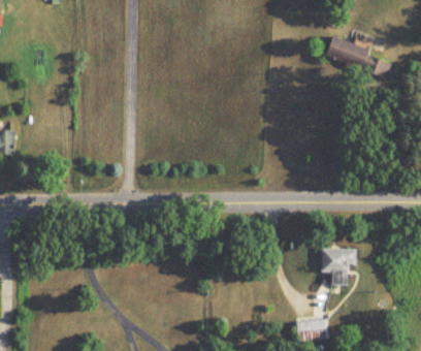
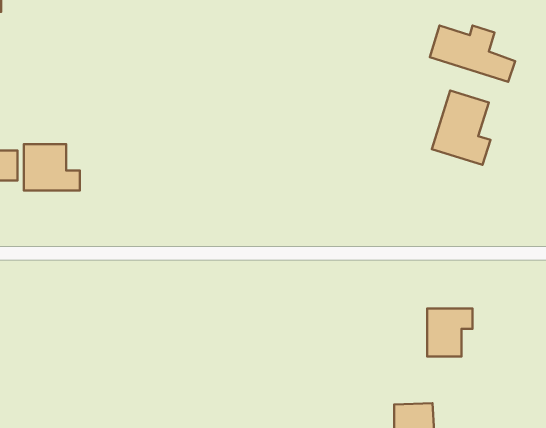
building: none -> [432,91,490,165]
building: none -> [24,144,80,190]

